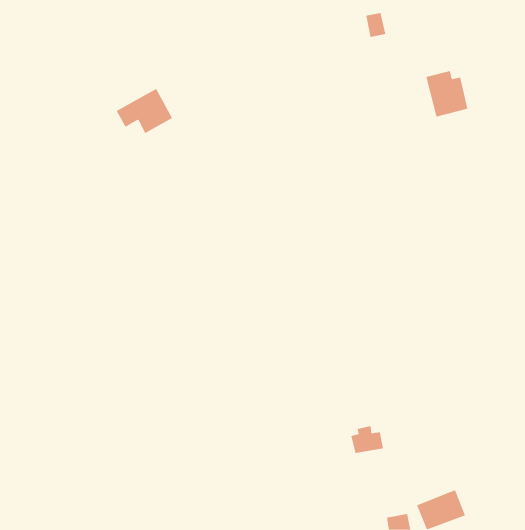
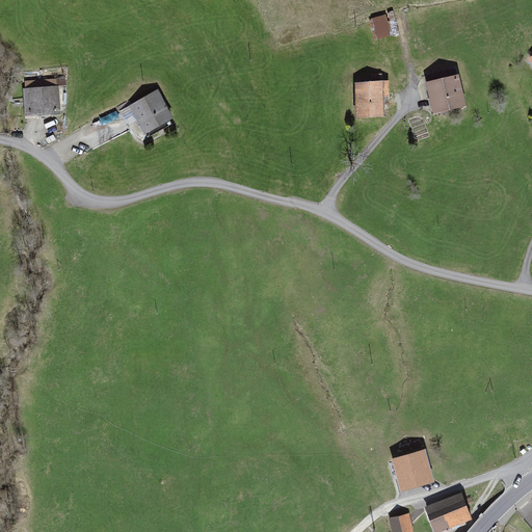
building: none -> [355,81,391,121]
building: none -> [24,88,59,115]
building: [351,426,384,454] -> [398,454,431,482]

